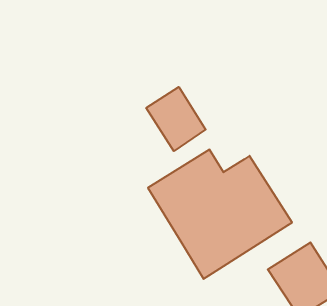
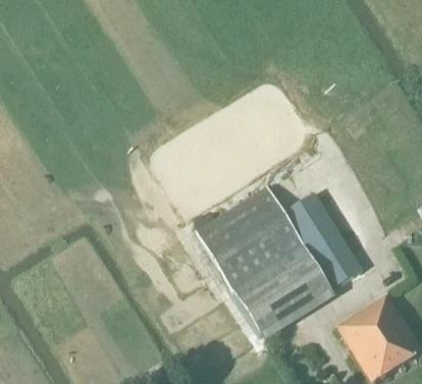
building: [146,87,206,151] -> none

